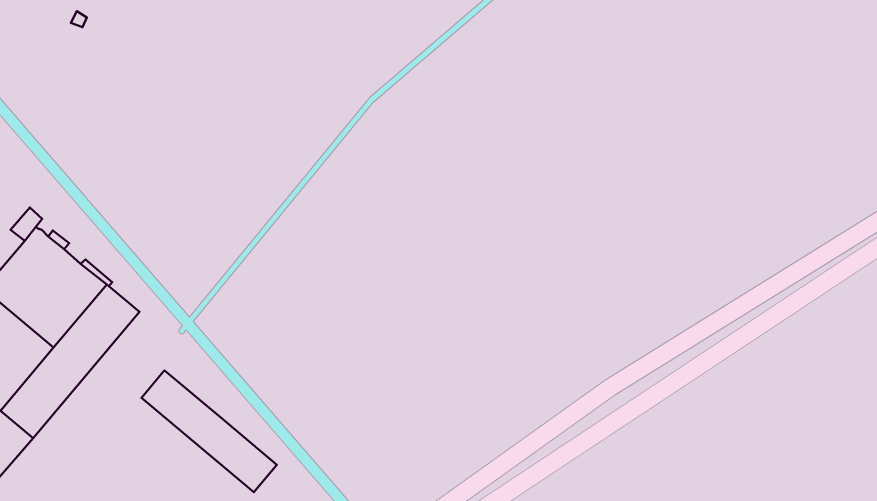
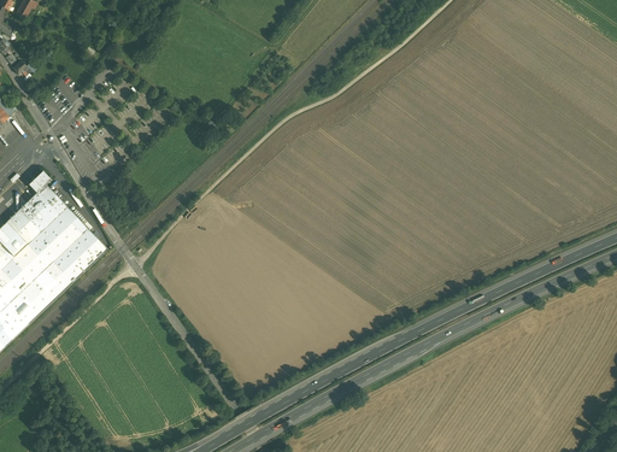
building: [142,370,277,492] -> none

